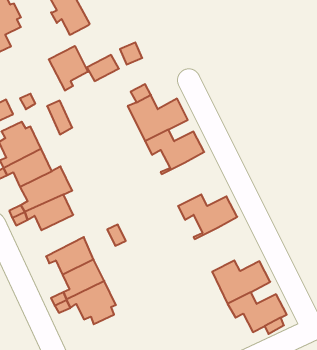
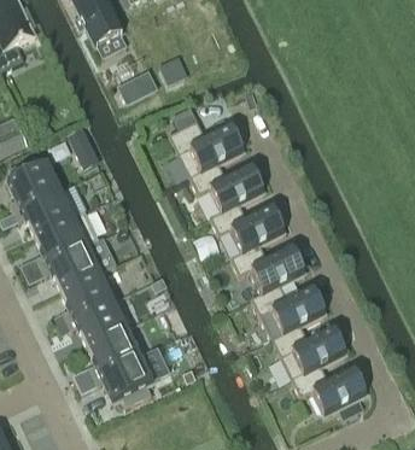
building: [49,46,88,91] -> none
building: none -> [210,203,284,257]
building: none -> [60,268,113,320]
building: none -> [251,284,325,339]

